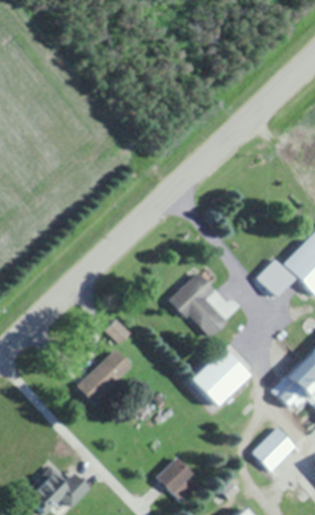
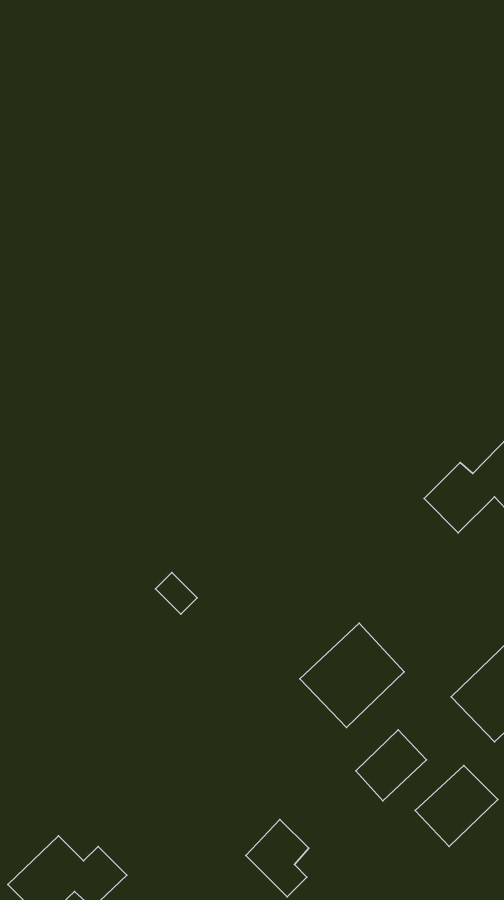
building: [170,273,221,332] -> none
building: [76,350,132,405] -> none
building: none -> [356,730,427,801]

